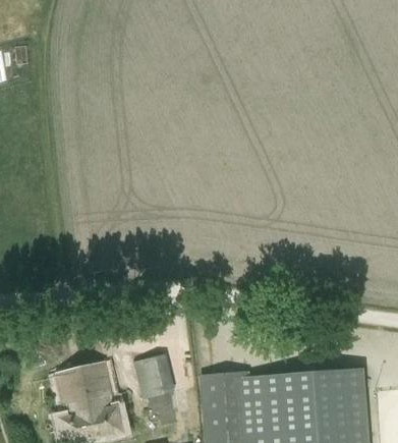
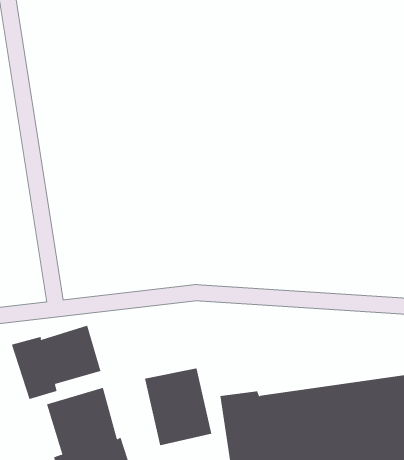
building: none -> [11,325,101,400]

